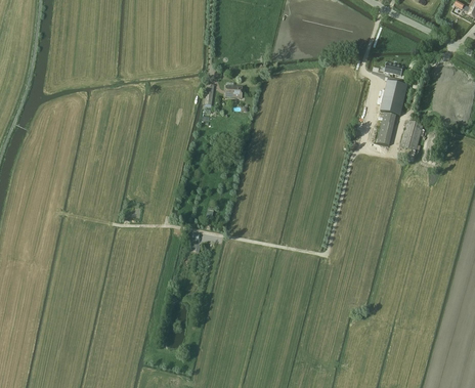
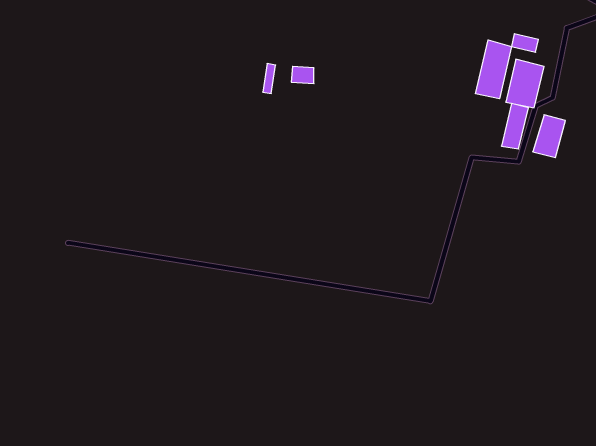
building: none -> [476,40,511,99]

